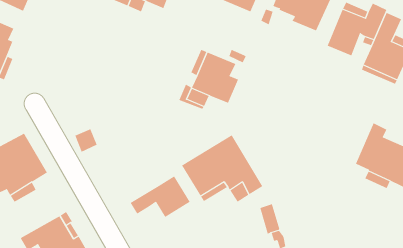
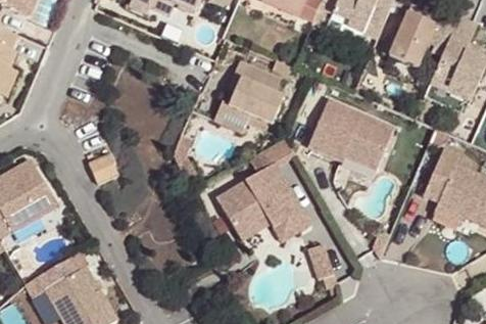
building: none -> [307,98,394,171]
building: [130,176,191,218] -> none

